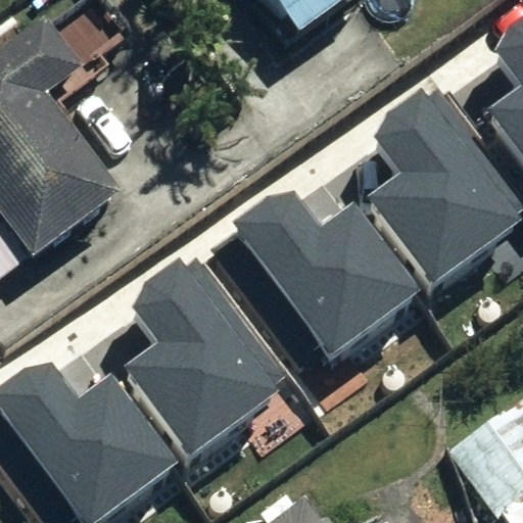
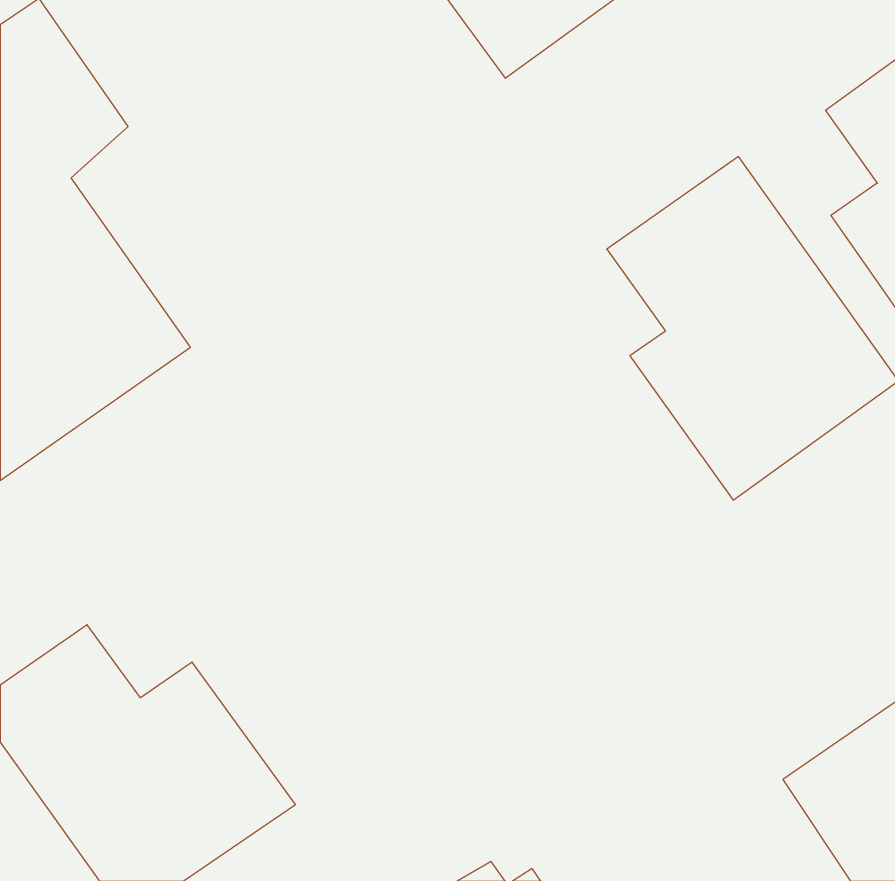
building: [235,197,414,362] -> none
building: [120,253,293,453] -> none

